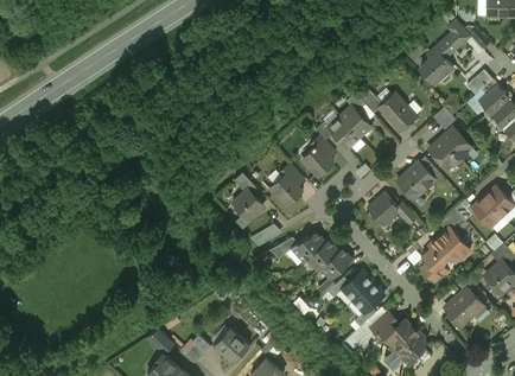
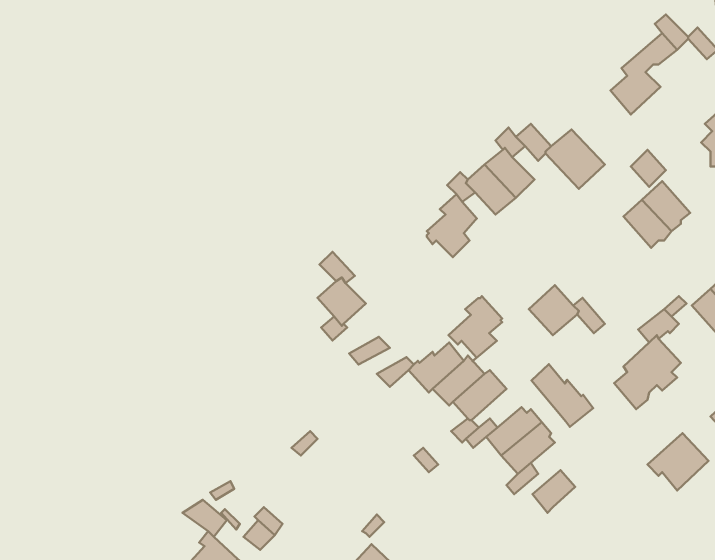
building: [396,161,435,200] -> none
building: [269,164,304,205] -> [449,296,502,361]
building: none -> [532,364,593,427]
building: [383,319,424,356] -> none
building: [215,327,249,362] -> none

